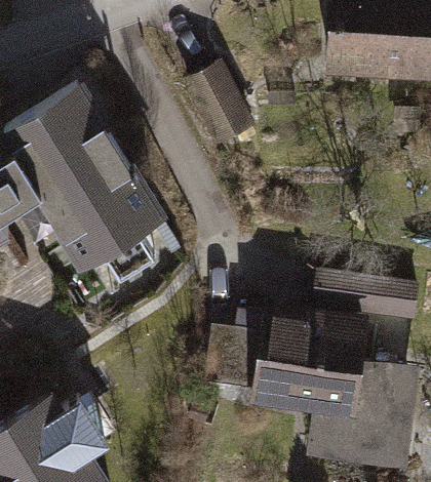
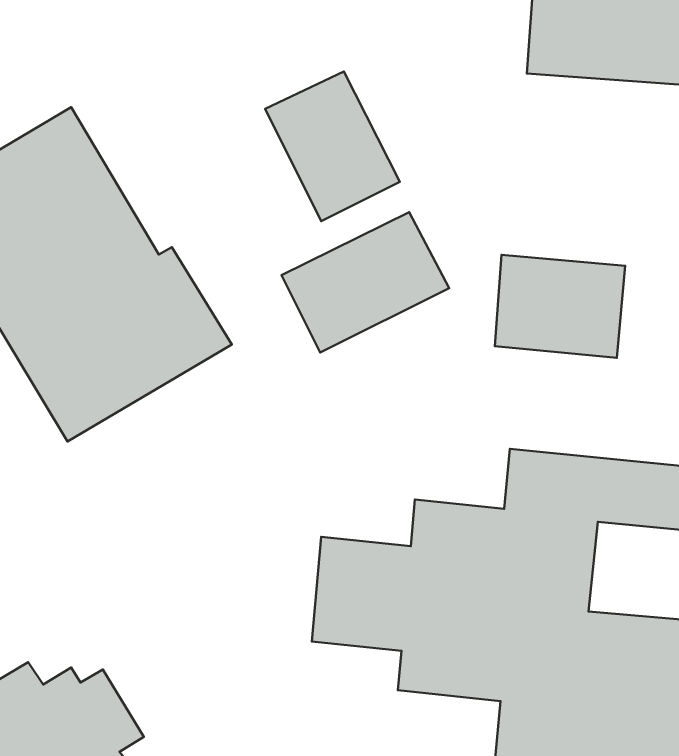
building: none -> [282,212,449,353]
building: none -> [495,255,625,358]

